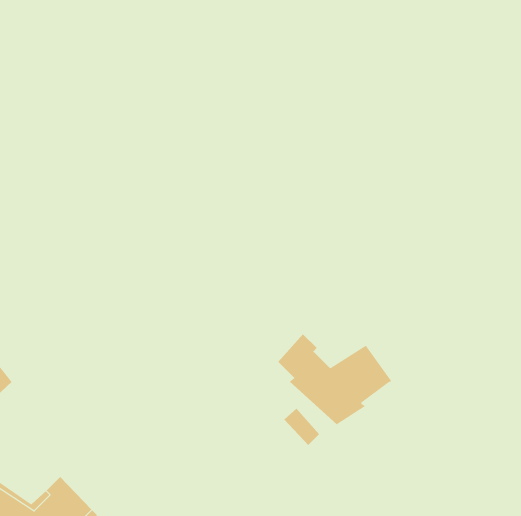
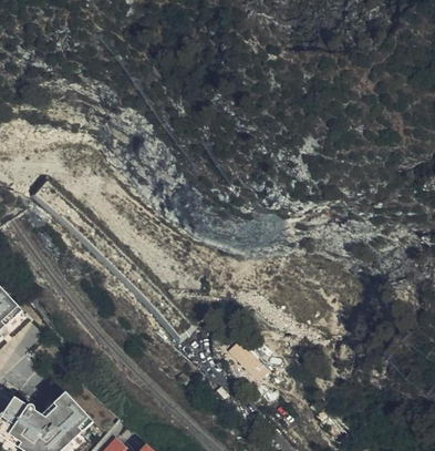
building: [277,333,392,425] -> none

